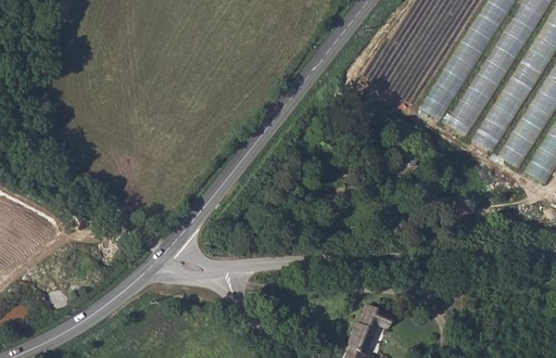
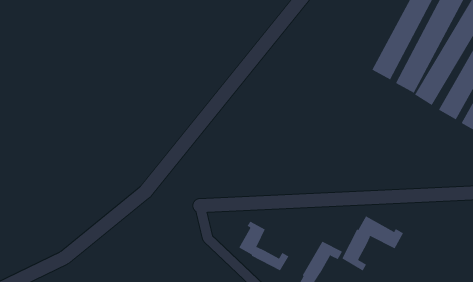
building: none -> [341,216,404,272]
building: none -> [238,221,289,271]

